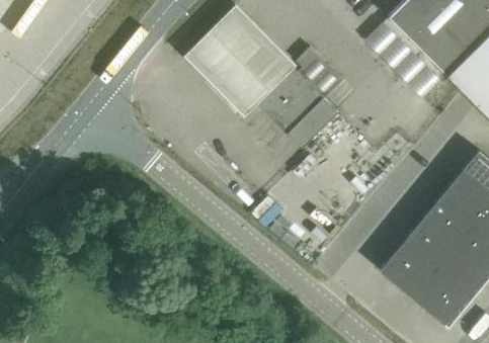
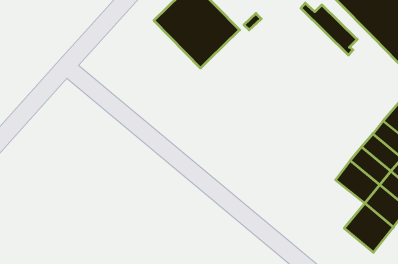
building: [256,66,338,148] -> none
building: [380,241,438,297] -> none

